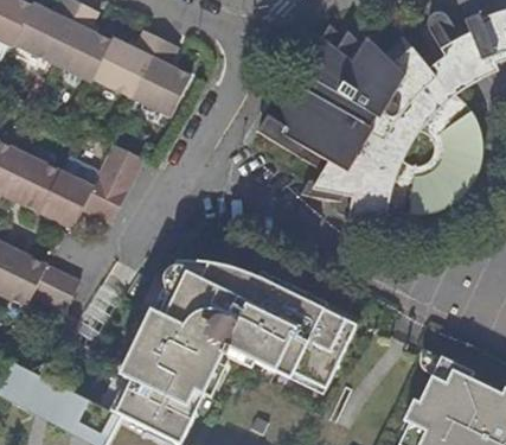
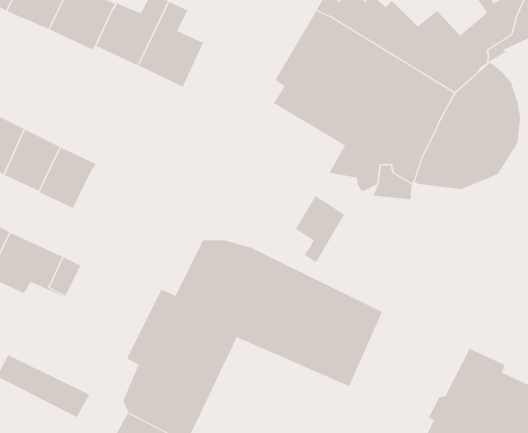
building: [84,145,142,223] -> none
building: none -> [295,195,345,263]

